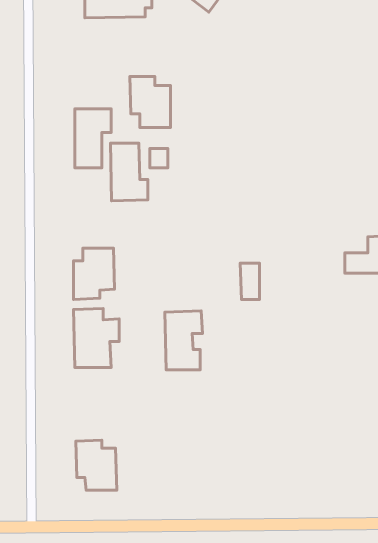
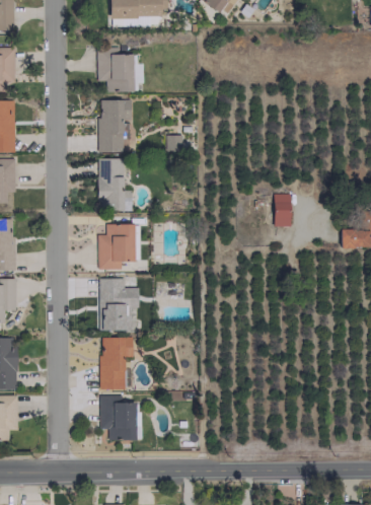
building: [130,76,171,127] -> [97,47,134,92]
building: [110,143,148,201] -> [98,158,132,210]
building: [240,263,260,300] -> [274,194,291,226]
building: [165,311,202,370] -> [100,337,134,389]

